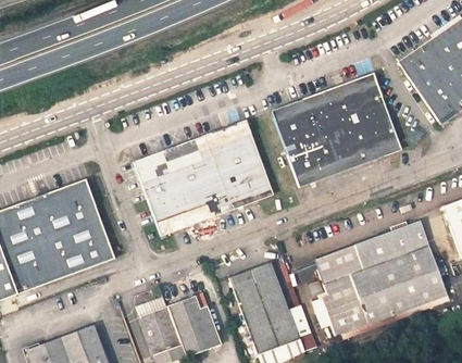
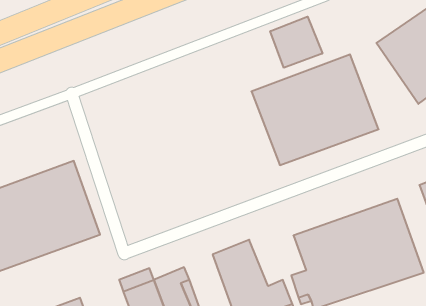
building: none -> [270,17,322,68]
building: [133,118,273,235] -> none

